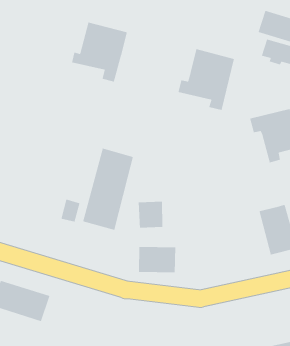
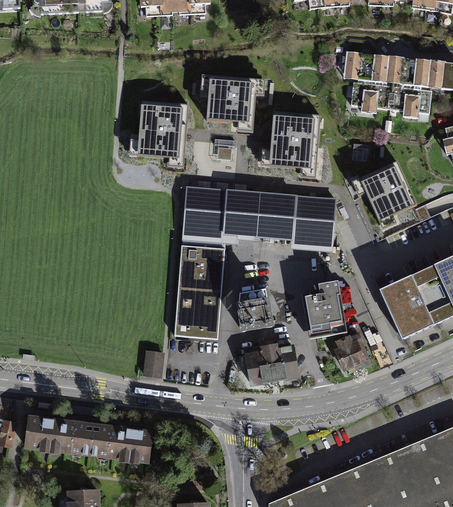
building: none -> [200,74,265,132]
building: none -> [184,189,338,247]
building: none -> [301,278,347,336]
building: [61,199,80,222] -> [143,351,163,377]
building: none -> [335,337,364,368]

